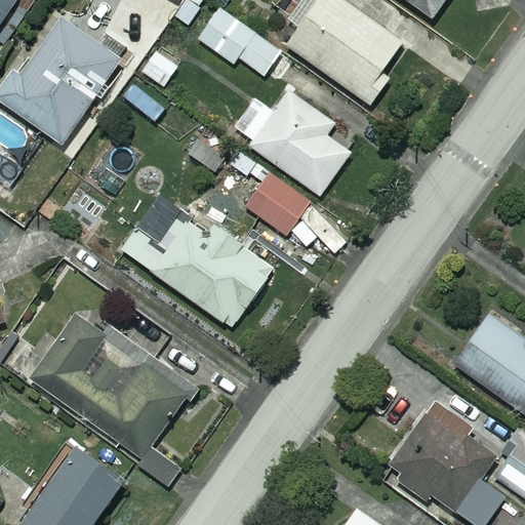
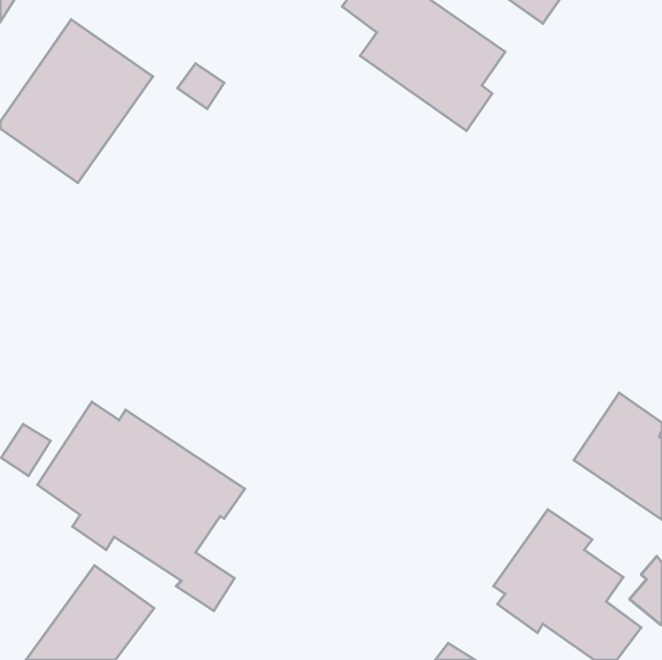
building: [197,6,293,83] -> none
building: [233,90,350,195] -> none
building: [244,171,311,235] -> none
building: [121,202,273,327] -> none

